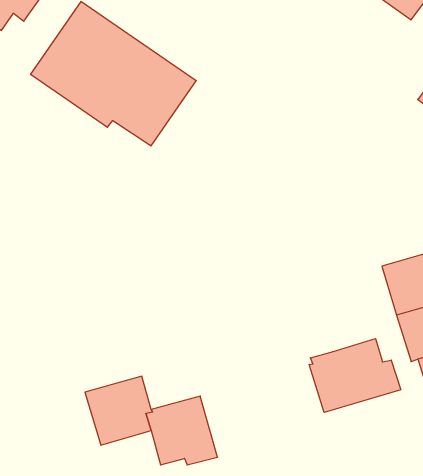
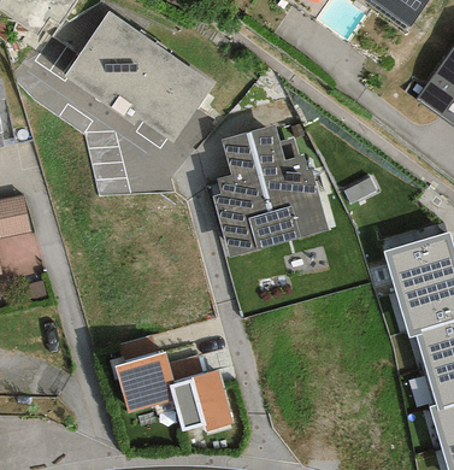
building: none -> [212,127,325,258]
building: [309,339,401,412] -> none

